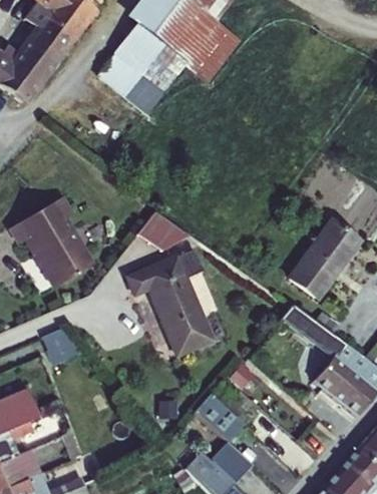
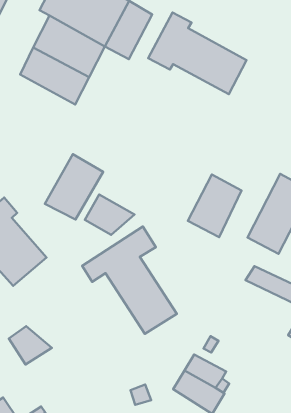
building: none -> [148,13,247,94]
building: none -> [45,154,103,220]
building: none -> [188,174,242,237]

